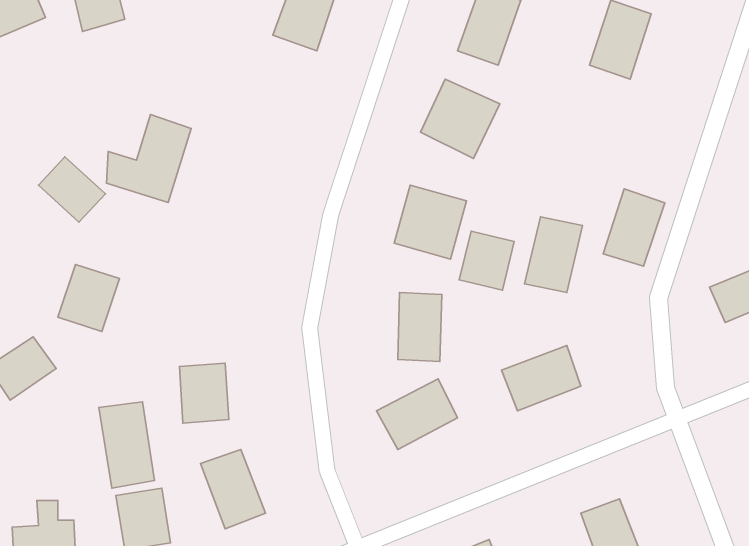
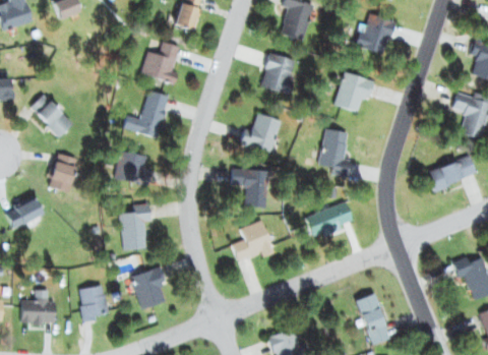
building: none -> [139,37,182,78]
building: [107,114,191,203] -> [123,88,172,139]
building: [603,189,665,266] -> [334,69,370,114]
building: [459,231,514,290] -> none
building: none -> [114,152,154,187]
building: [99,402,155,488] -> none

